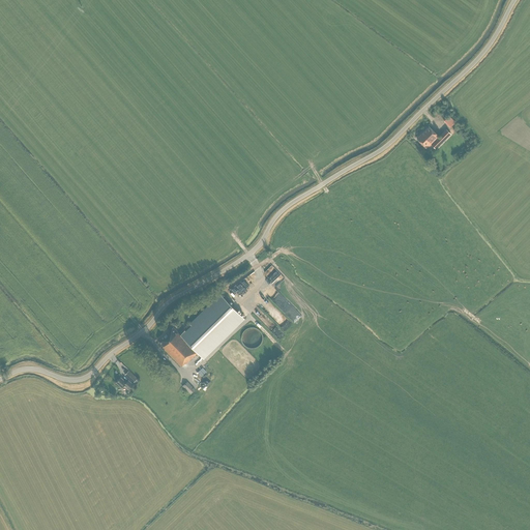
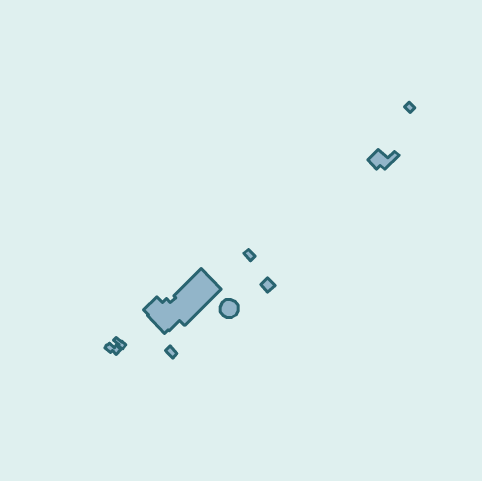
building: [416,125,450,147] -> [368,149,399,169]

